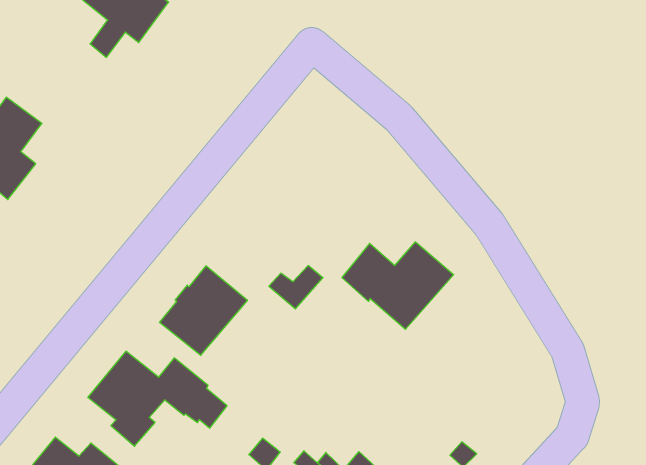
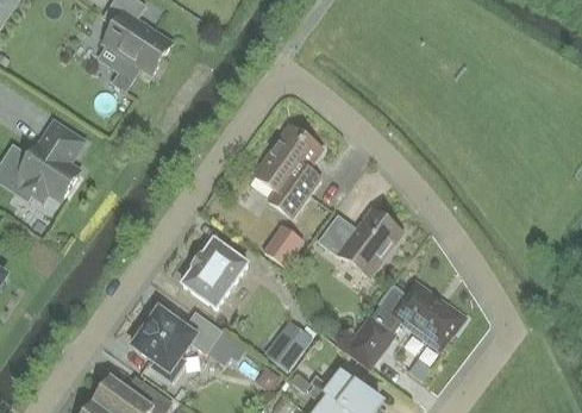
building: none -> [252,125,320,217]
building: none -> [343,282,464,368]
building: none -> [269,323,309,368]

